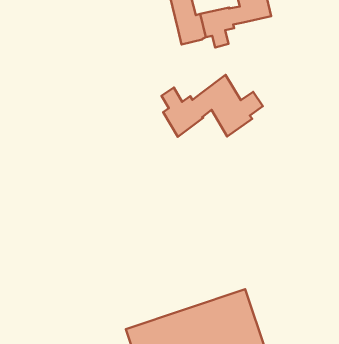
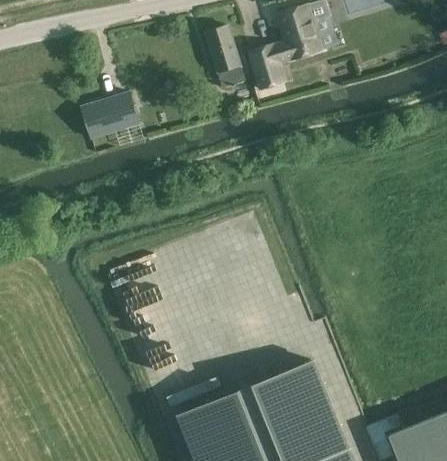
building: none -> [81,92,144,151]
building: [161,75,263,137] -> none

